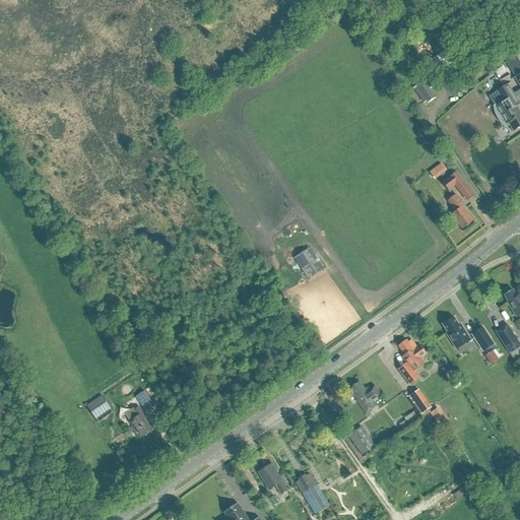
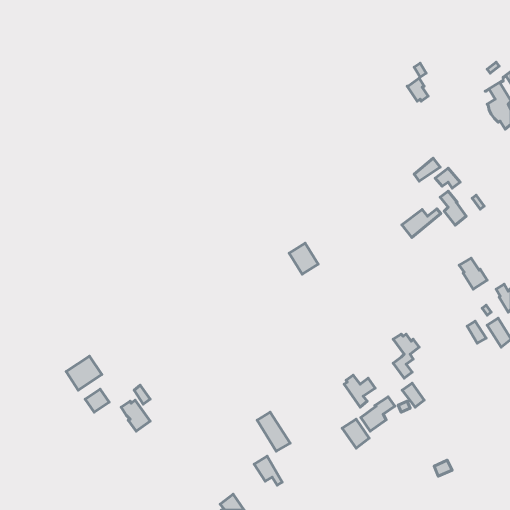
building: none -> [402,209,441,237]
building: [443,317,471,348] -> [459,258,487,289]
building: none -> [66,356,102,390]
building: none -> [361,397,395,431]
building: [297,473,330,513] -> [257,412,290,451]

